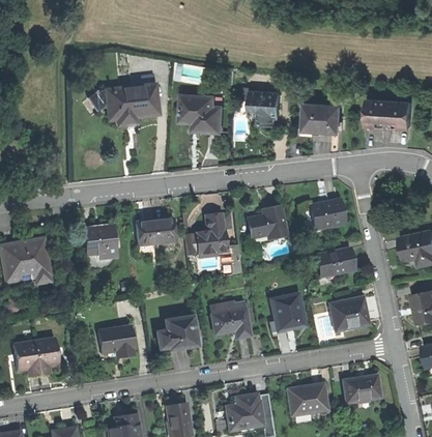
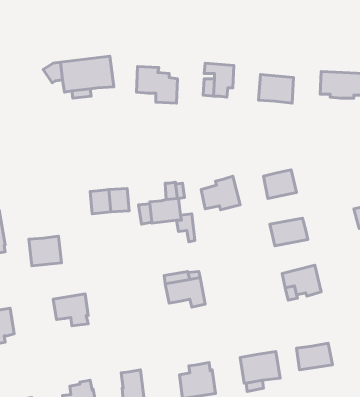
building: [82,224,115,254] -> [29,236,62,266]
building: [270,293,305,330] -> none
building: [155,316,196,348] -> none

